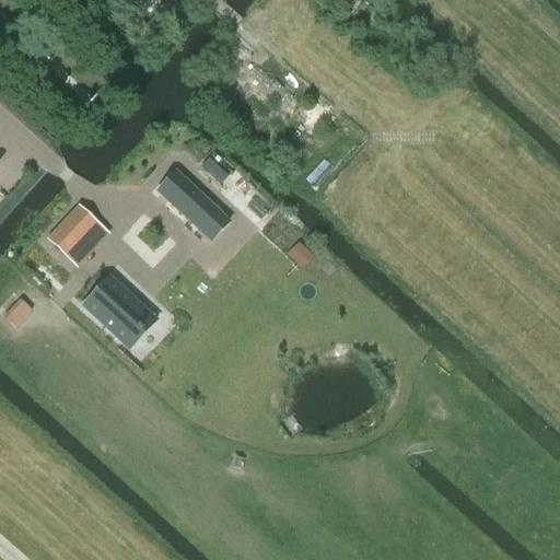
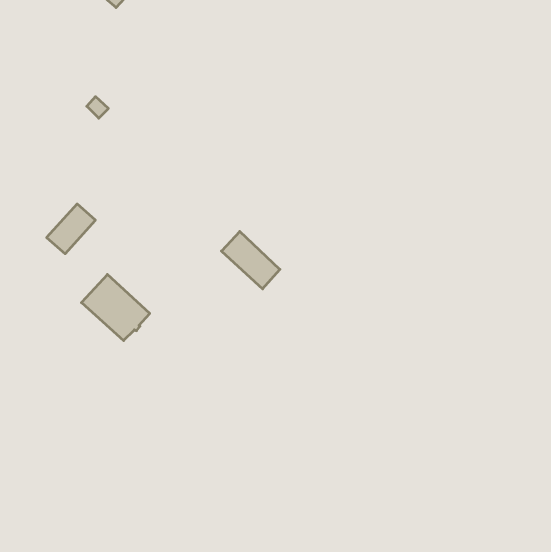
building: [160,171,219,229] -> [221,231,280,289]

